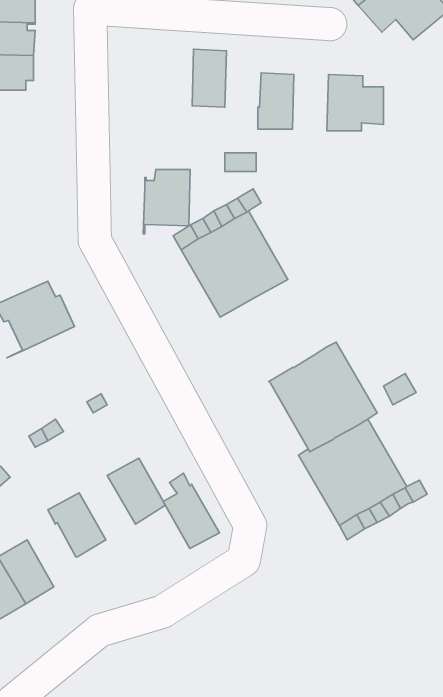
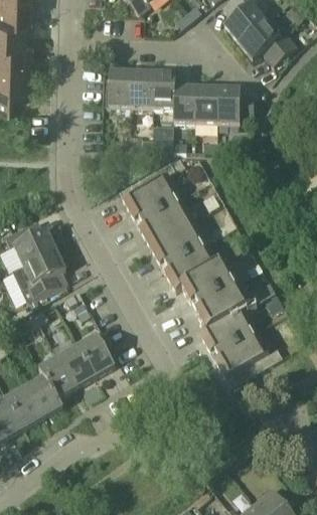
building: none -> [153,72,177,109]
building: none -> [196,88,219,124]
building: [143,170,190,234] -> [103,71,133,113]
building: none -> [150,219,218,290]
building: none -> [13,249,68,299]
building: [163,473,220,548] -> [59,338,96,386]
building: none -> [26,375,63,416]

